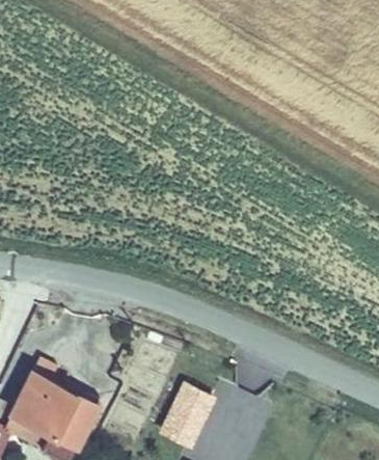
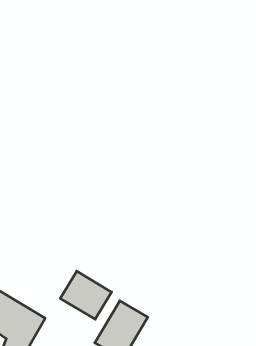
building: none -> [60,271,112,319]

